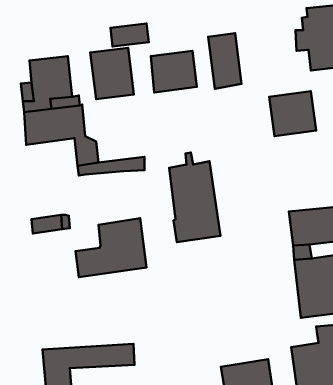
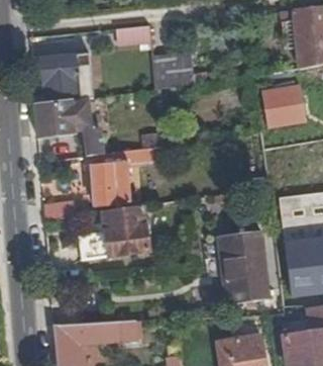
building: [208,33,242,89] -> none
building: [90,48,134,99] -> none
building: [169,153,220,242] -> [221,221,268,304]
building: none -> [86,161,129,206]

